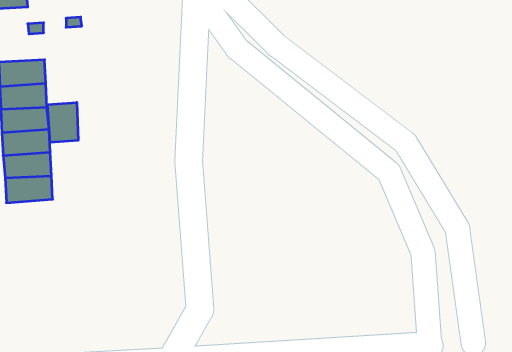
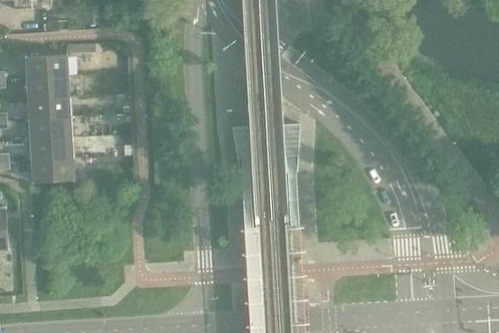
building: [47,102,78,142] -> none

